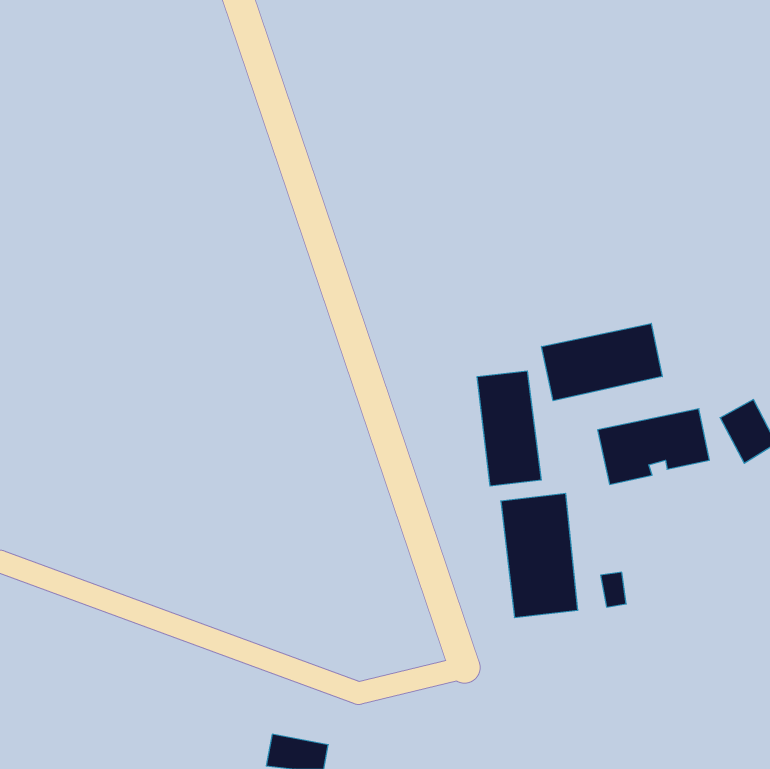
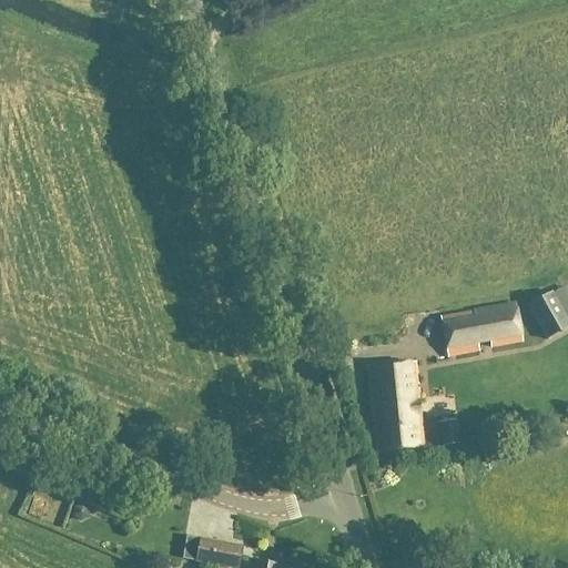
building: [542,323,662,401] -> none
building: [477,371,541,486] -> none

